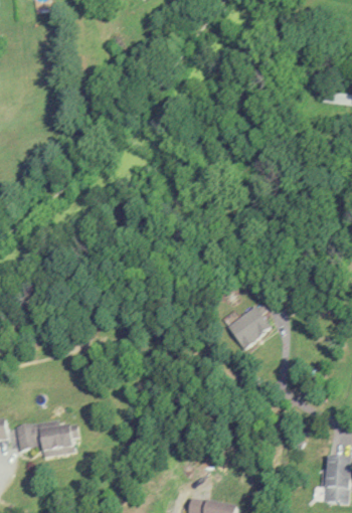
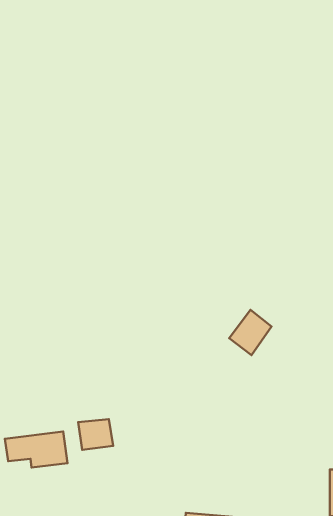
building: none -> [78,419,113,450]

